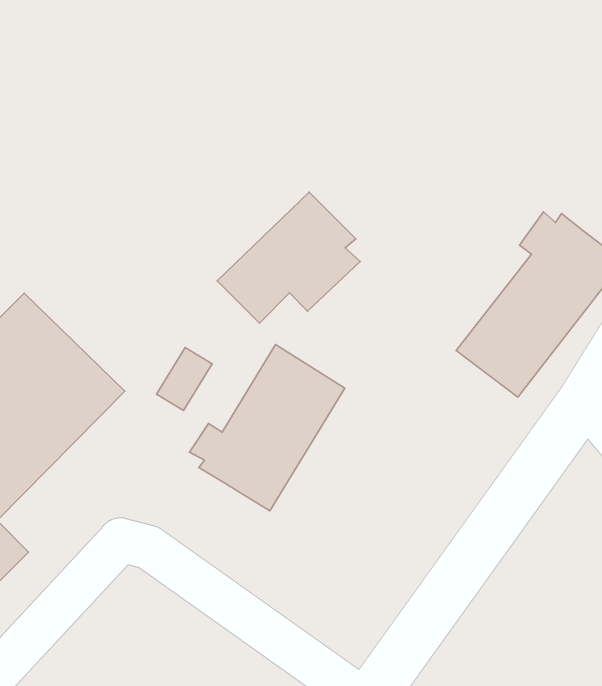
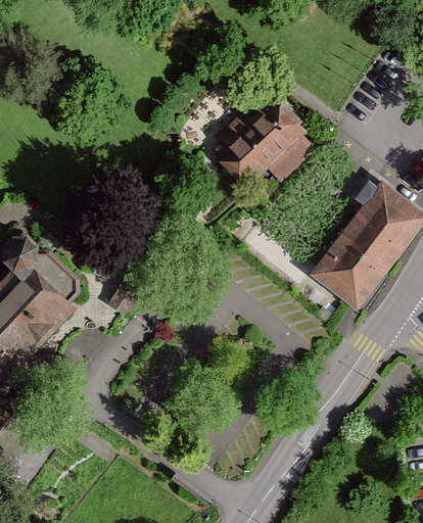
building: [217,192,360,323] -> [215,99,312,188]
building: [190,345,345,511] -> none

